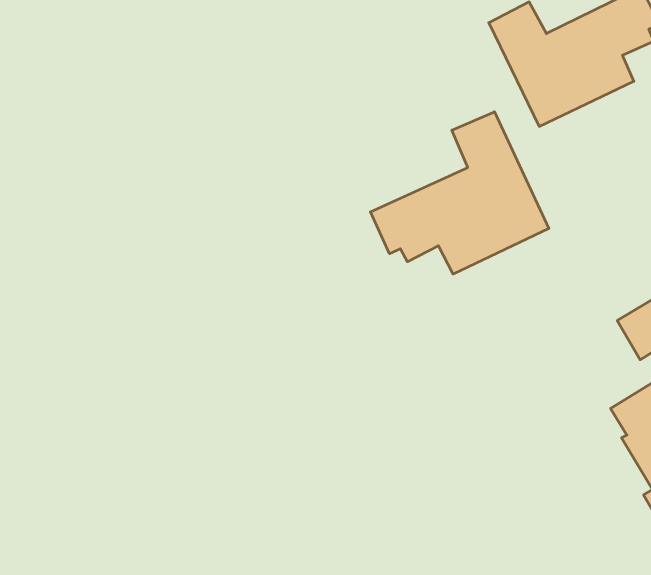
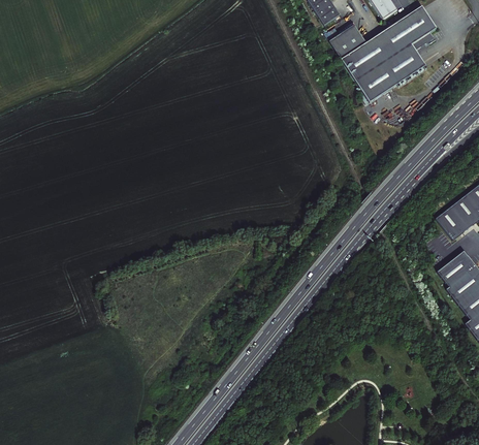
building: [370,112,549,274] -> none

